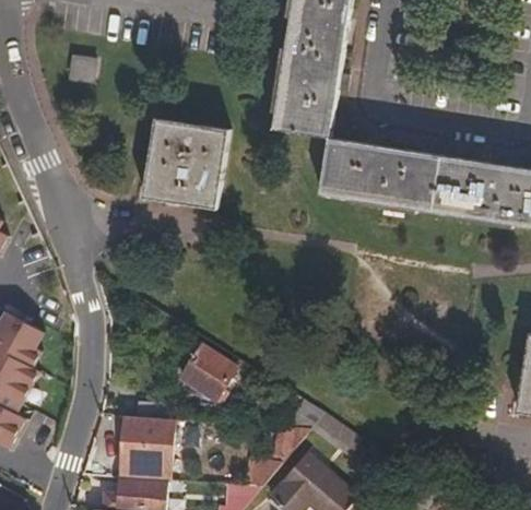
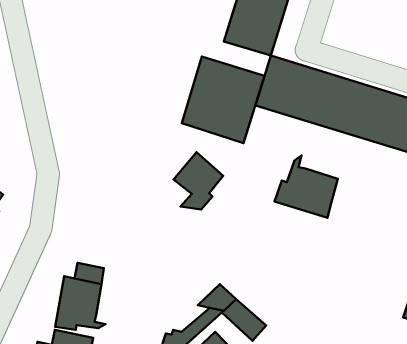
building: [142,115,228,206] -> [182,57,265,143]
building: none -> [275,155,338,218]
building: [181,345,237,410] -> [173,152,223,209]

